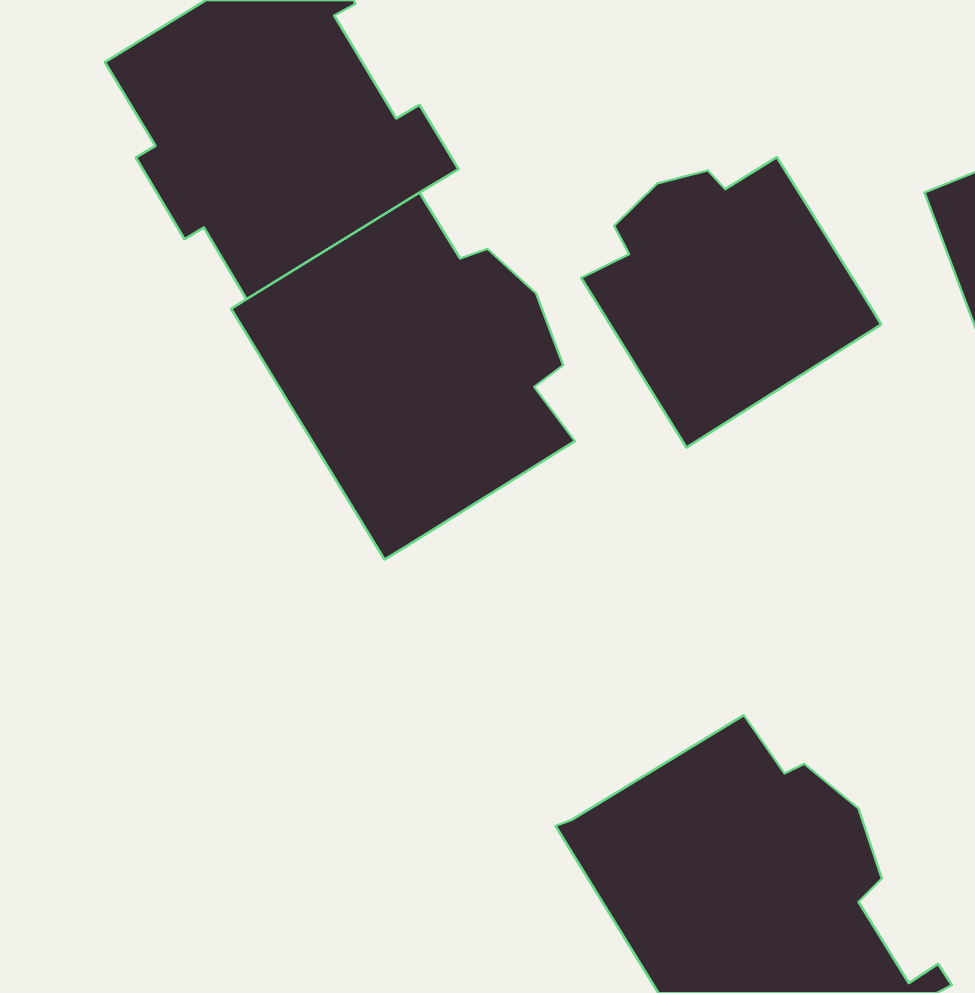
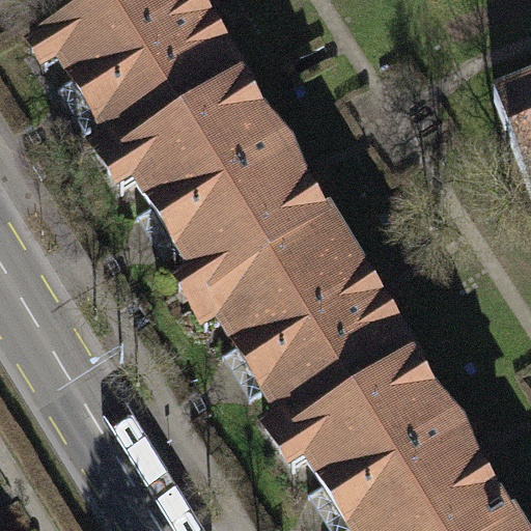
building: [581,157,881,447] -> none
building: none -> [225,225,425,438]

